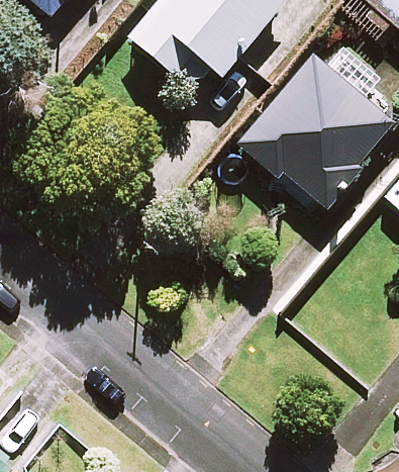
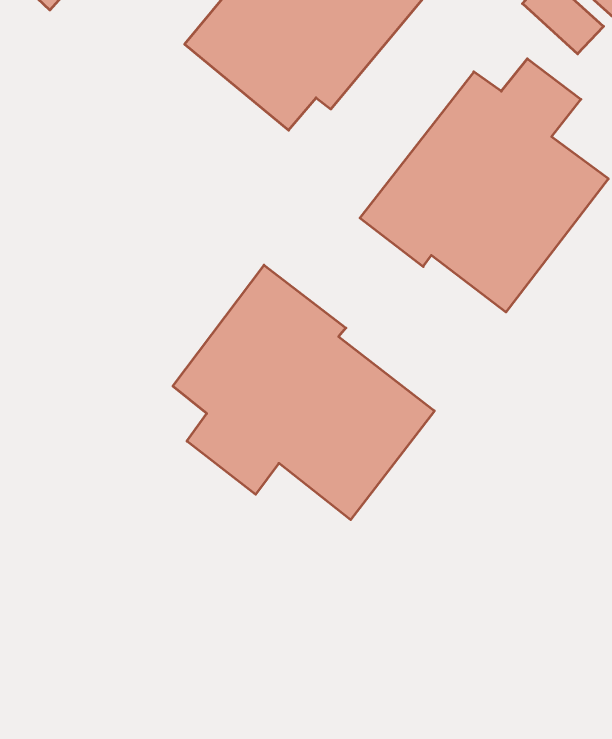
building: none -> [173,265,434,520]

